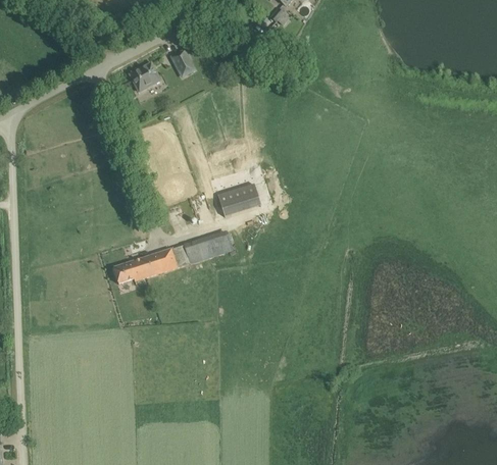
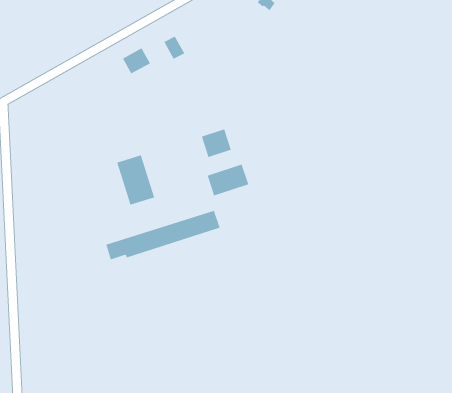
building: none -> [201,128,231,158]
building: none -> [117,154,155,206]

